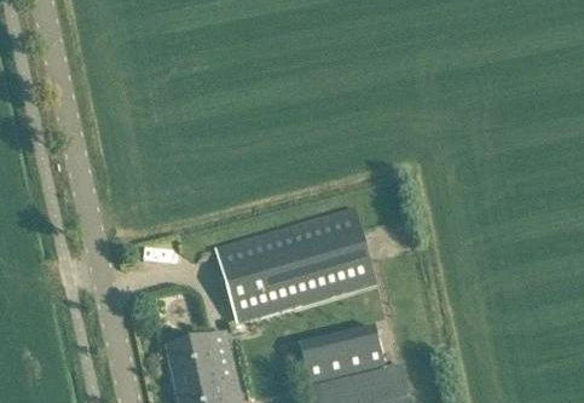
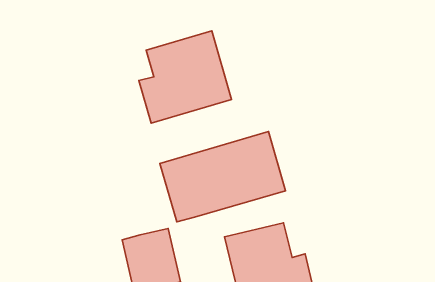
building: none -> [139,31,231,123]

